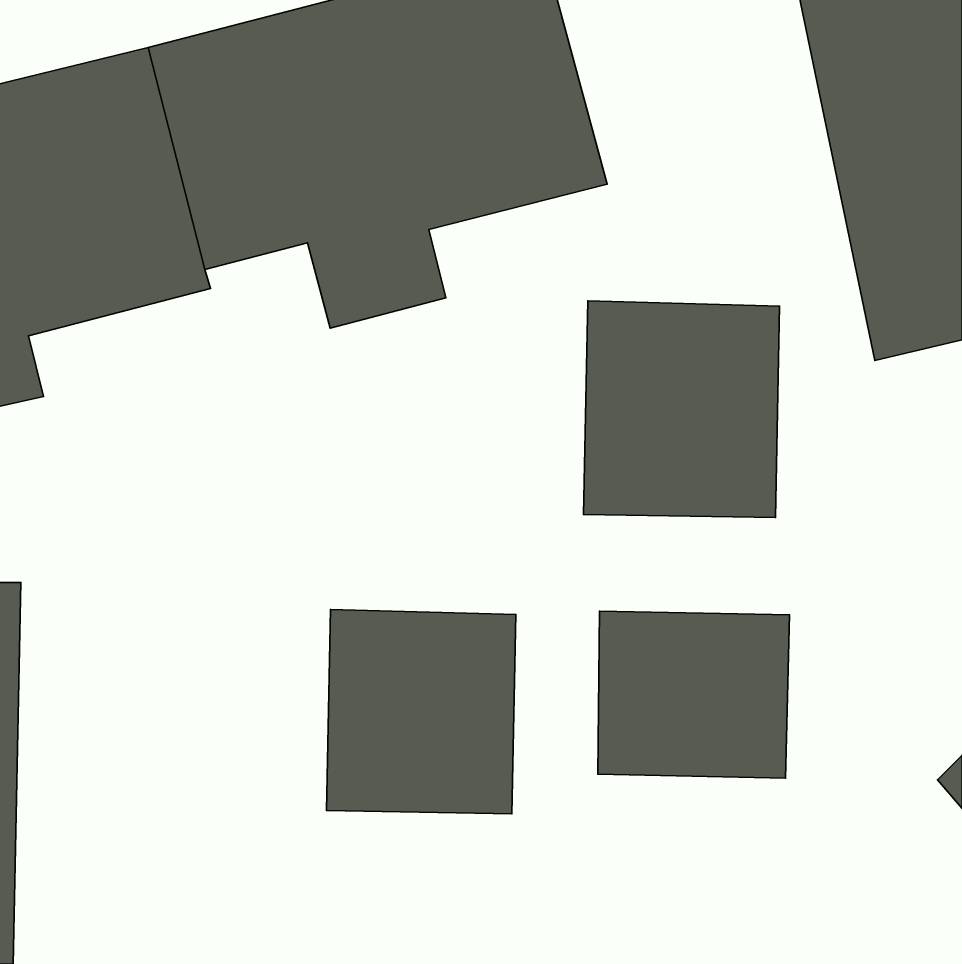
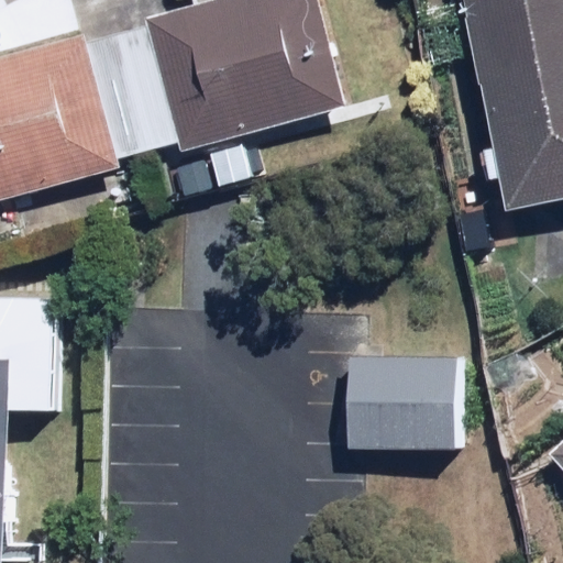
building: [583,301,780,518] -> none
building: [327,609,516,814] -> none

